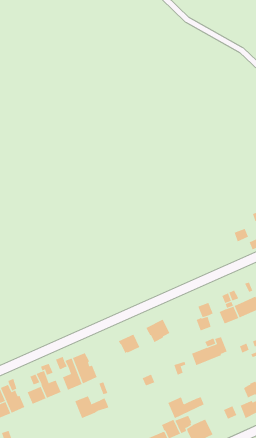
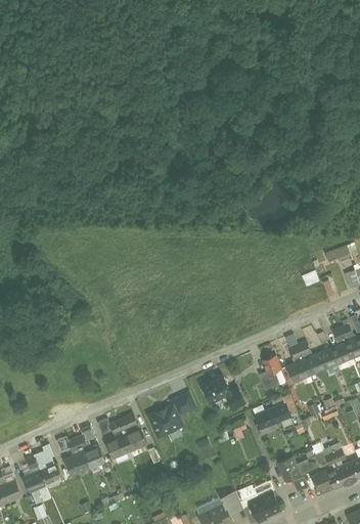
building: none -> [148,404,182,436]
building: [75,396,109,419] -> none
building: [167,397,205,419] -> [276,455,319,481]

